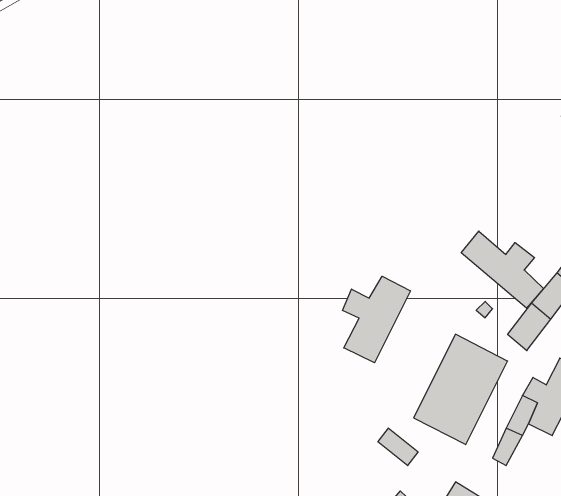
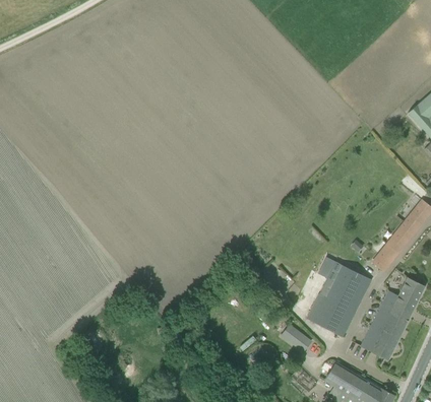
building: [461,231,544,308] -> none
building: [342,276,410,363] -> none
building: none -> [371,322,403,358]

